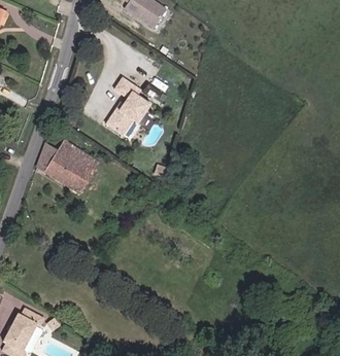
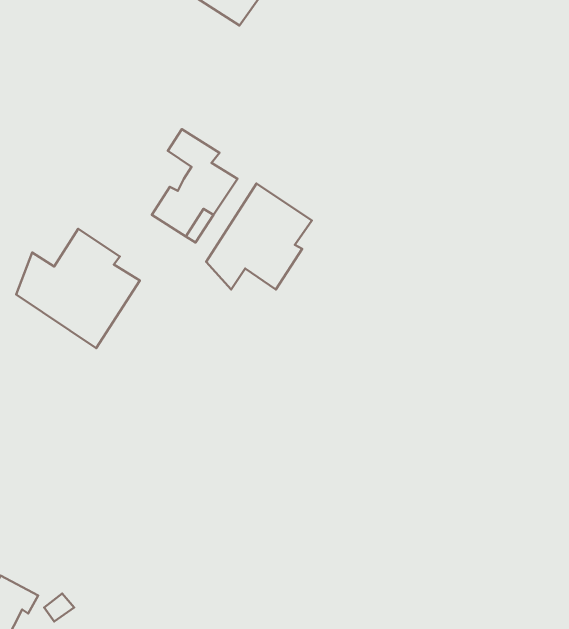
building: none -> [206,183,312,290]

